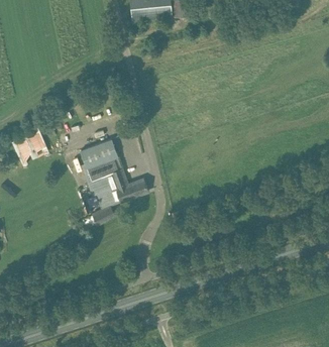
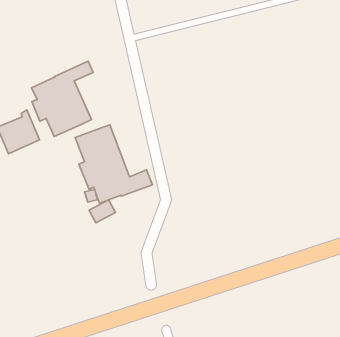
building: none -> [32,61,93,137]

